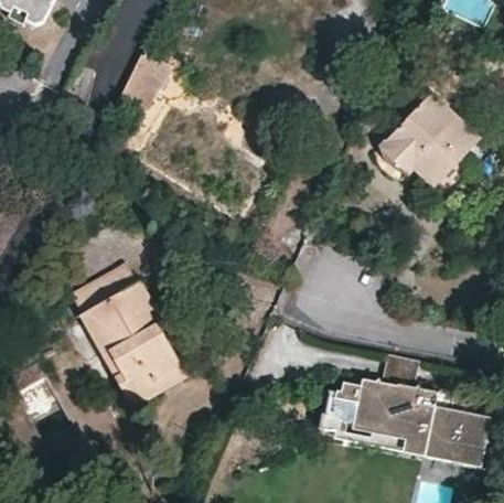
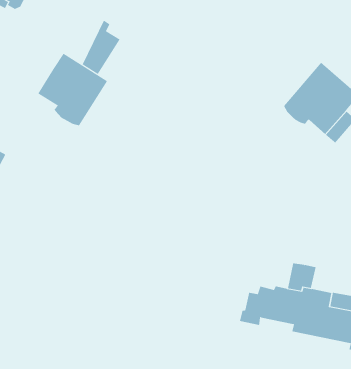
building: none -> [38,53,108,126]
building: [74,265,180,404] -> none

